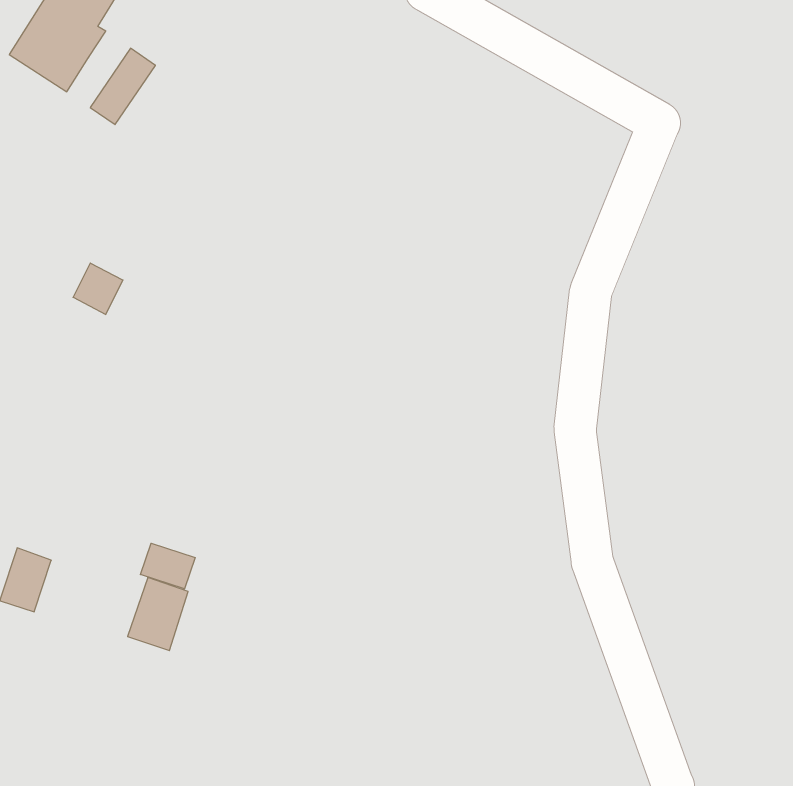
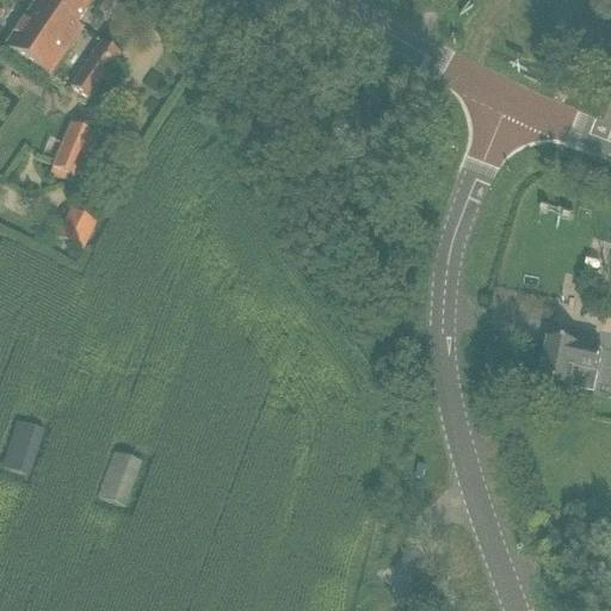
building: none -> [51,119,94,179]
building: none -> [541,333,603,388]
building: [140,543,195,589] -> none

